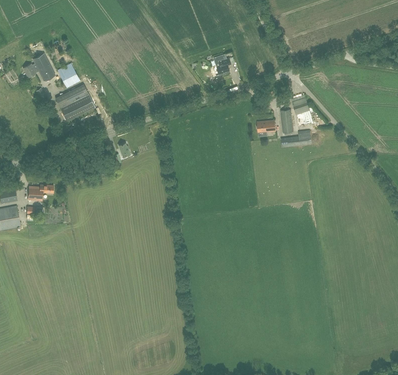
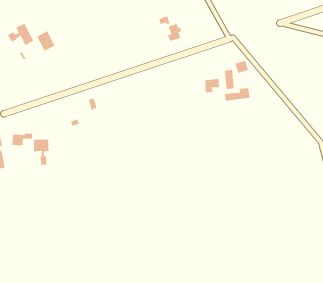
building: [55,83,94,120] -> none
building: none -> [33,139,49,165]

